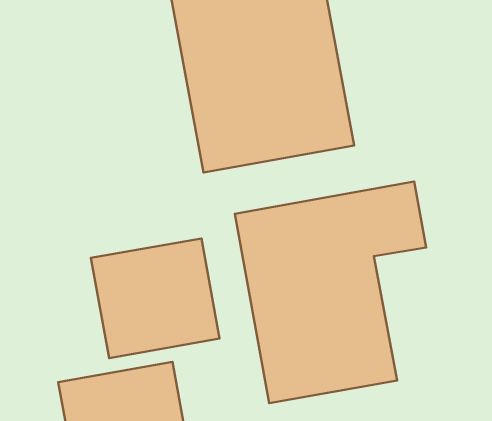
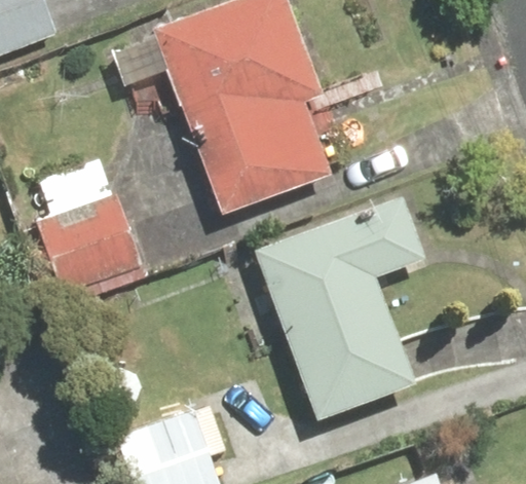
building: none -> [20,157,140,293]
building: [91,238,220,358] -> none

